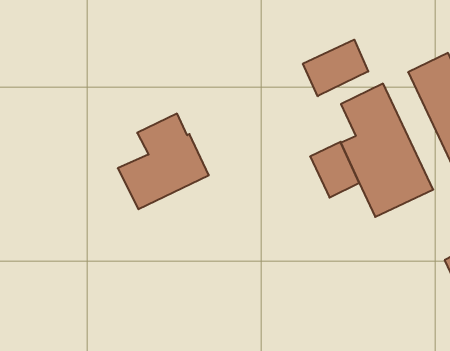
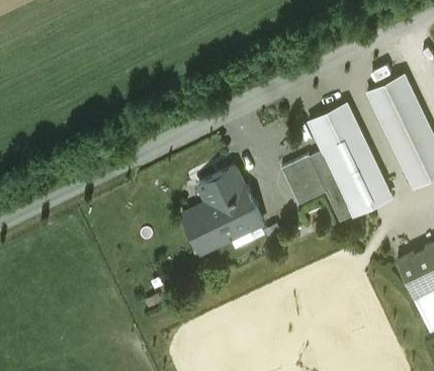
building: [303,40,368,96] -> none
building: [118,114,209,209] -> [182,168,263,253]

